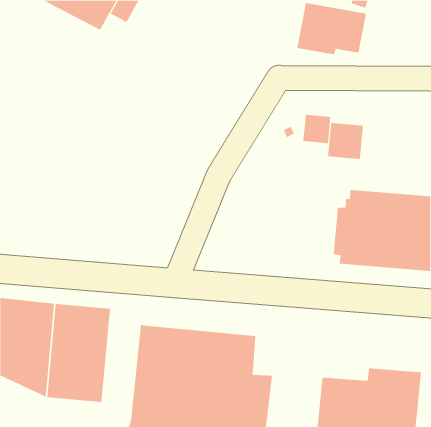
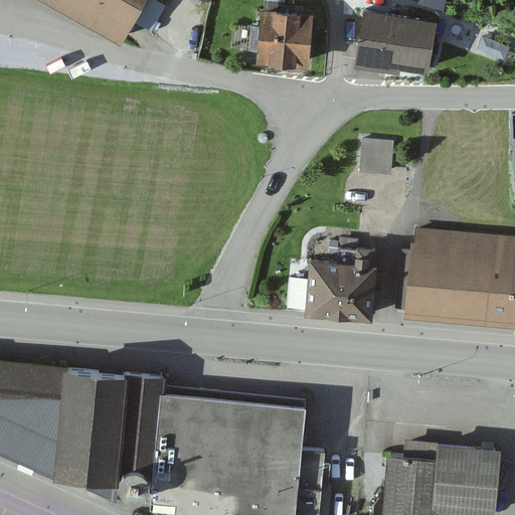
building: none -> [258,10,313,65]
building: [328,122,363,160] -> none
building: none -> [288,246,378,319]
building: none -> [118,373,169,507]

